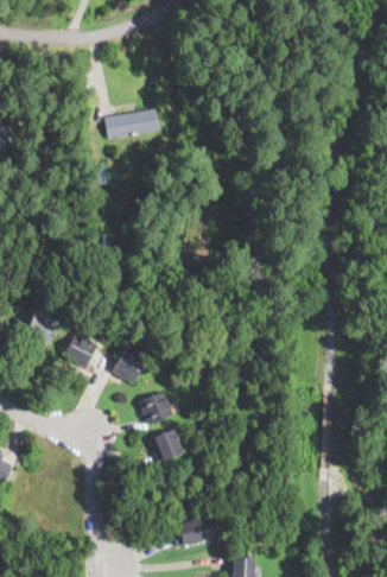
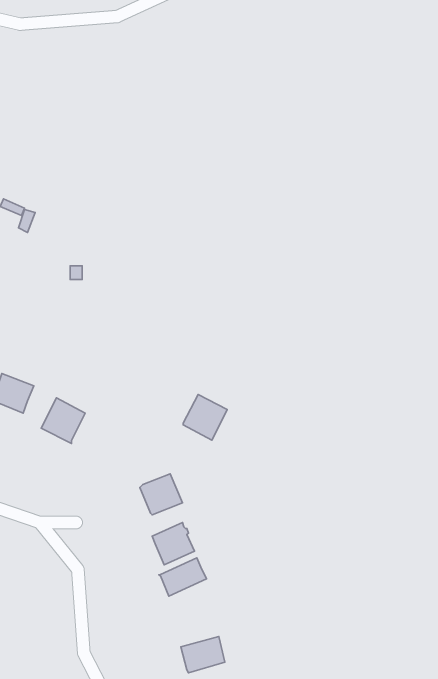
building: [104,108,161,140] -> none
building: [112,348,146,383] -> [183,394,227,440]
building: none -> [159,558,207,596]

